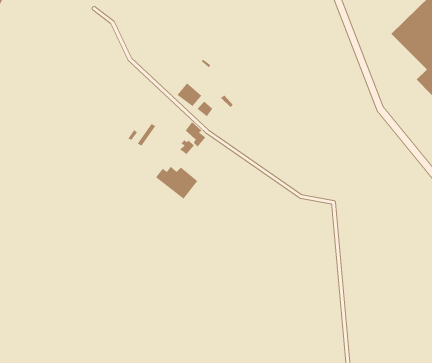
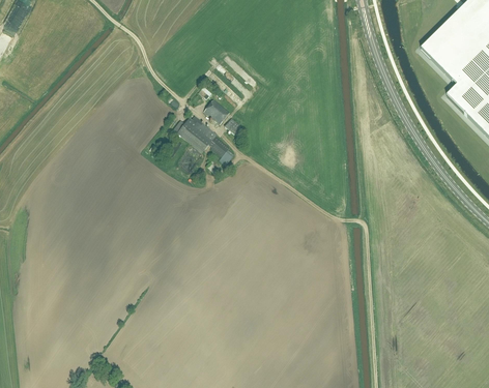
building: [155,166,198,200] -> [173,117,217,151]

